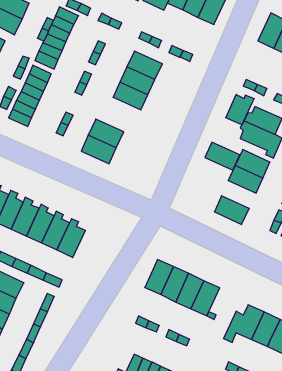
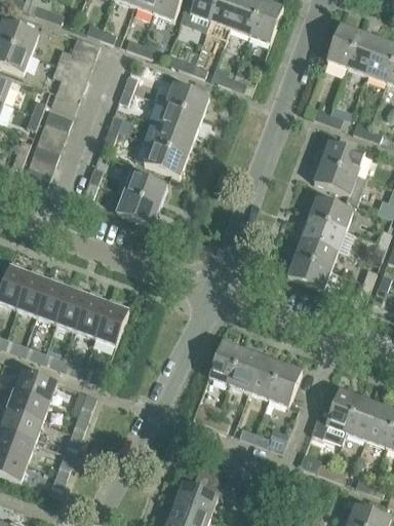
building: [226,94,254,125] -> none
building: none -> [143,143,187,177]
building: [205,142,240,170] -> [294,236,338,269]

